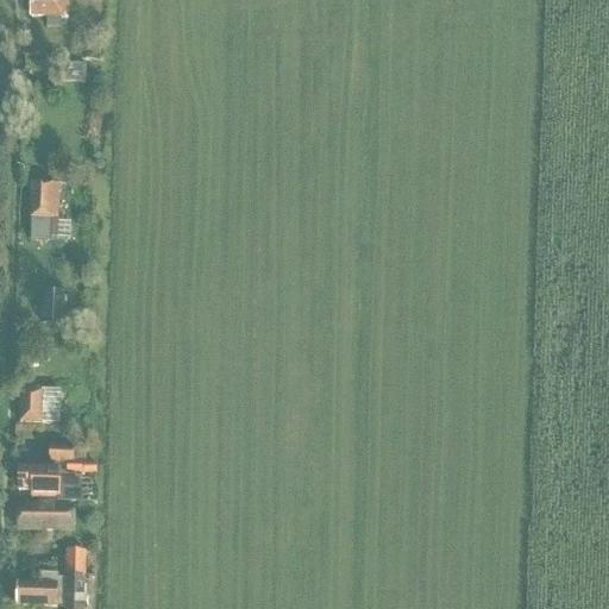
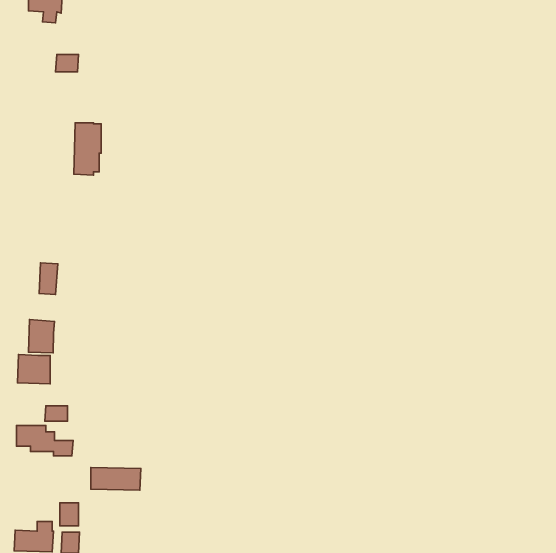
building: [30,180,59,237] -> [74,123,101,175]
building: none -> [29,320,54,353]
building: [19,501,74,526] -> [91,467,141,490]

